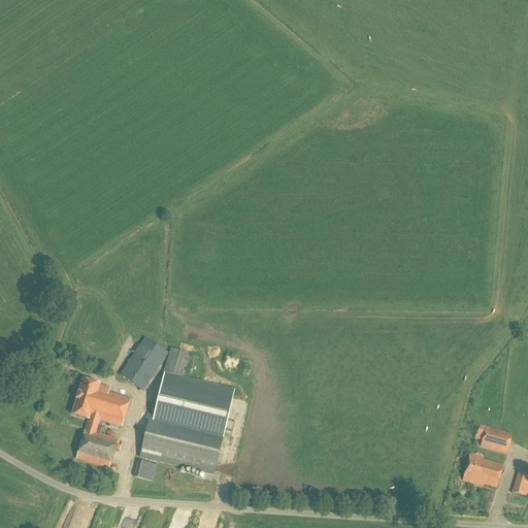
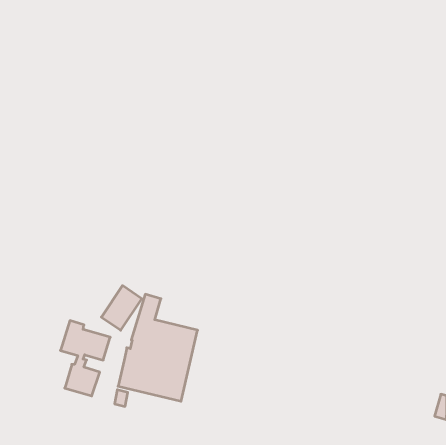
building: [477,423,513,451] -> none
building: [463,452,504,486] -> none

